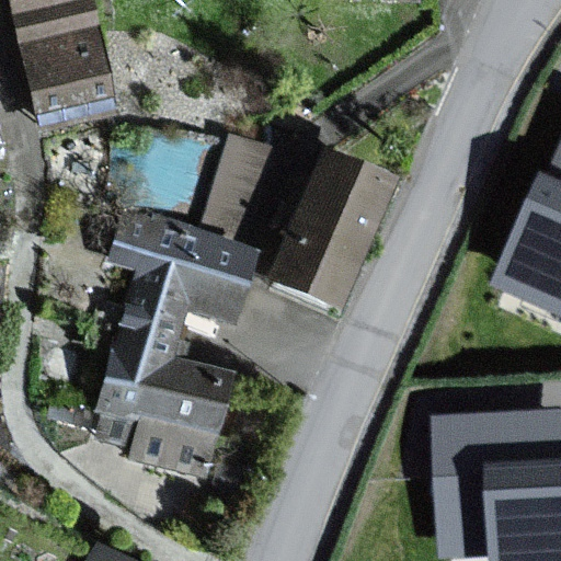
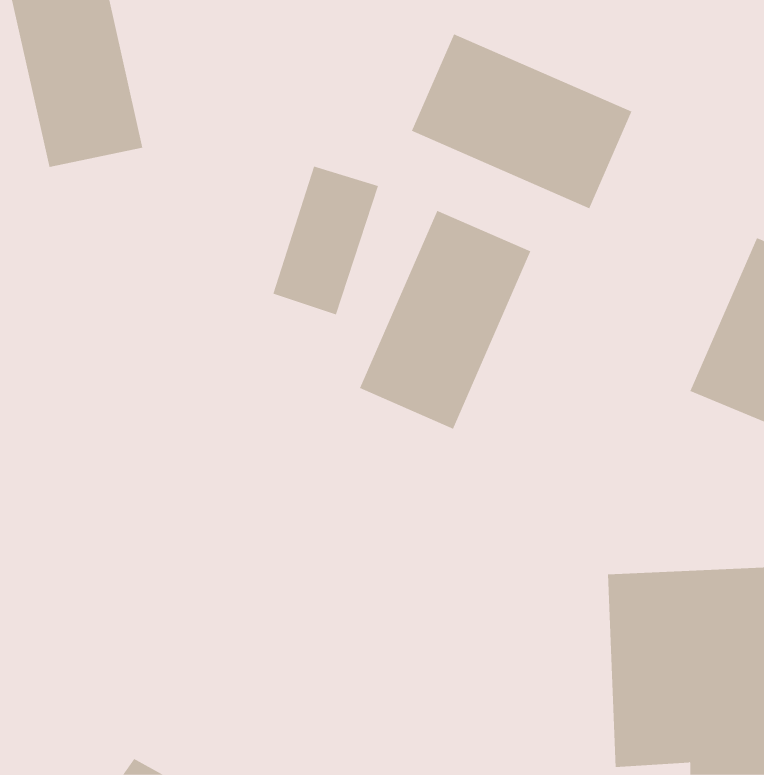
building: none -> [411,33,632,209]
building: [92,214,255,479] -> none

